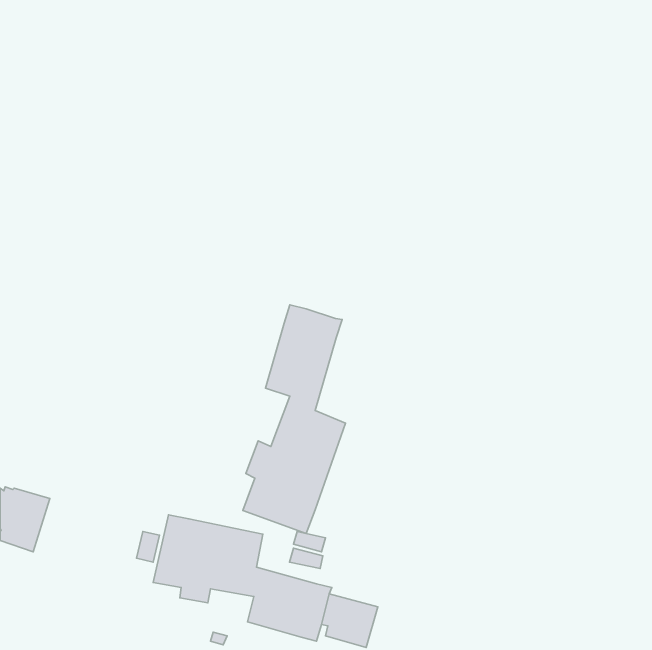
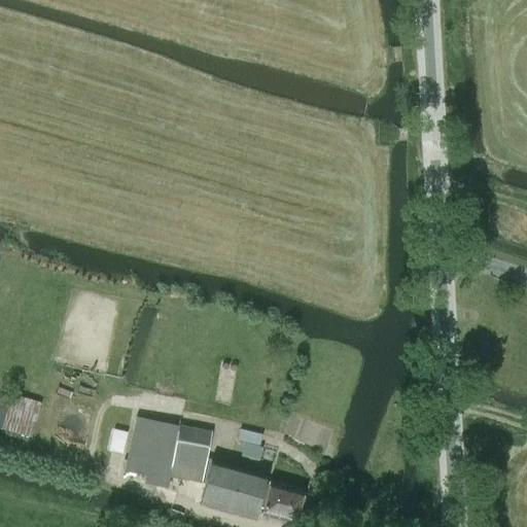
building: [243,305,346,534] -> none

